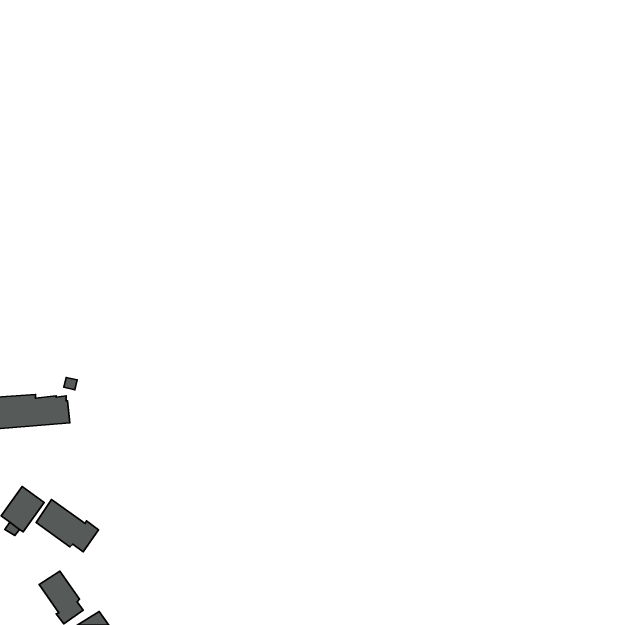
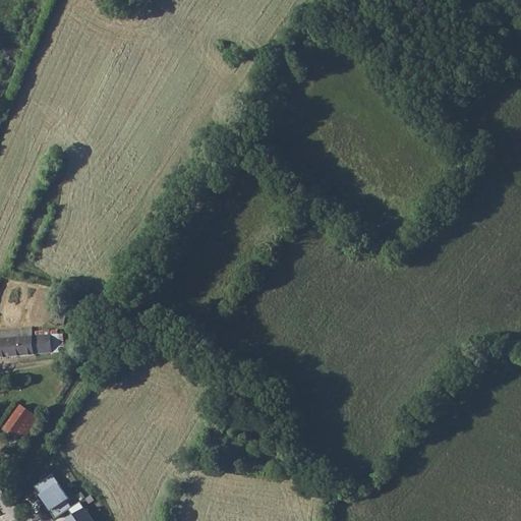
building: [36,499,98,552] -> none

